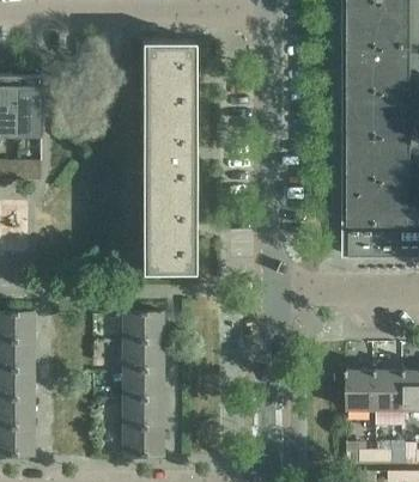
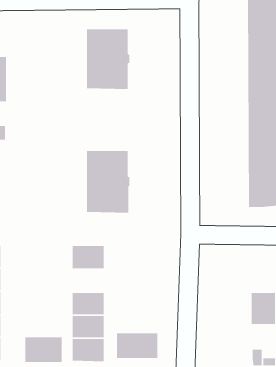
building: [141,116,196,193] -> none
building: [123,341,164,370] -> none
building: none -> [116,332,158,359]
building: none -> [24,336,62,363]

